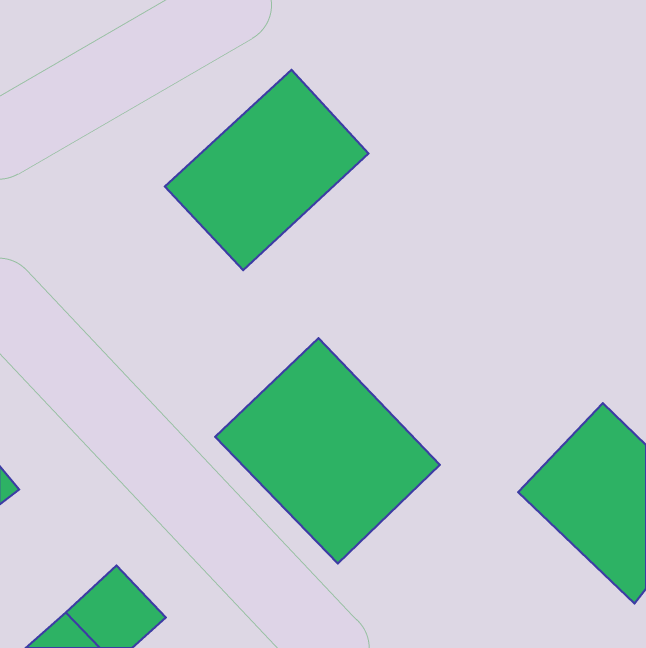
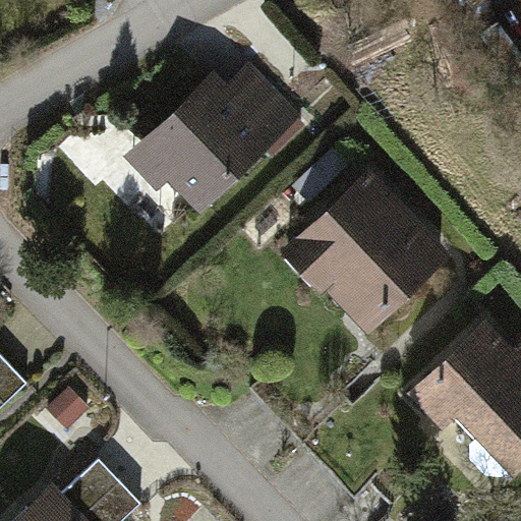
building: none -> [289,172,456,338]
building: [215,338,440,563] -> none

